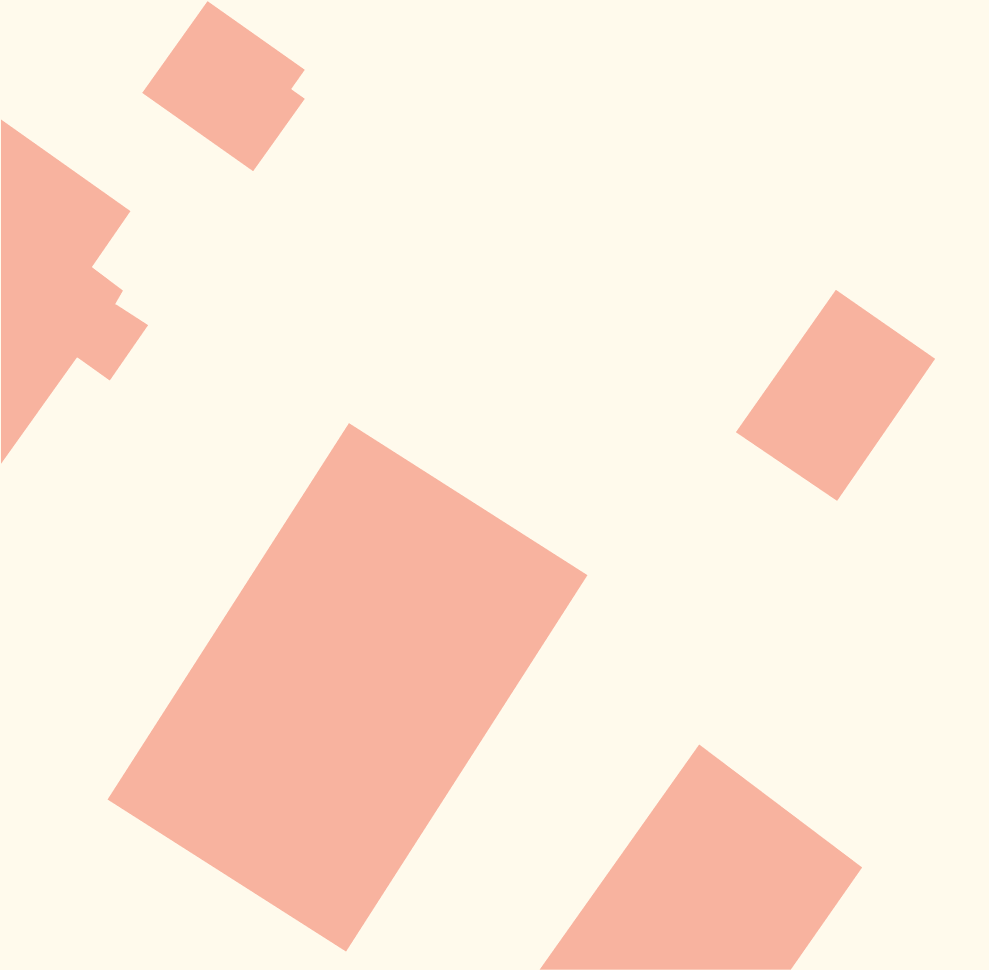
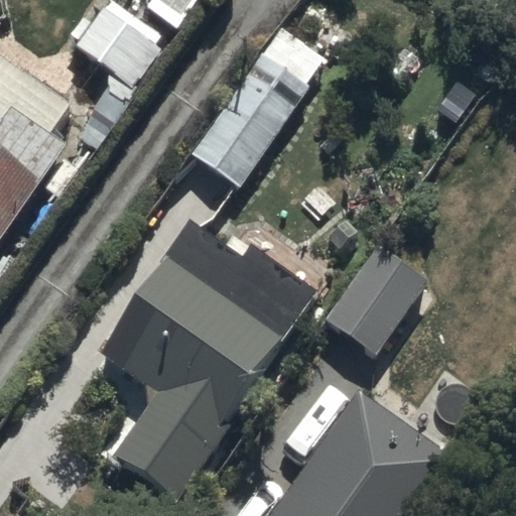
building: none -> [188,26,327,190]
building: [735,289,936,502] -> [321,248,426,359]

